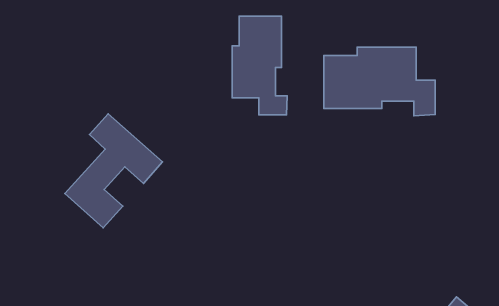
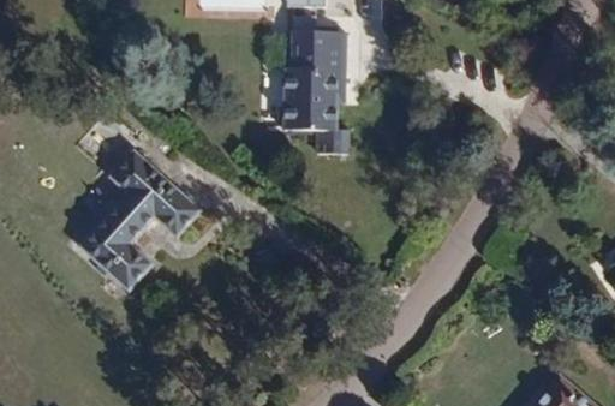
building: [324,47,435,116] -> none

